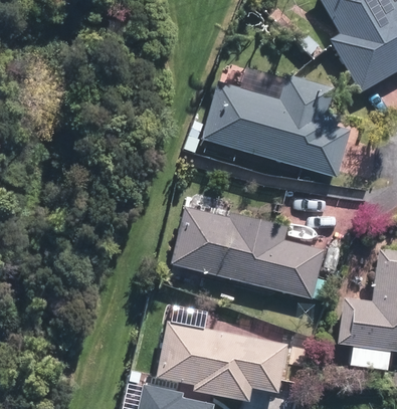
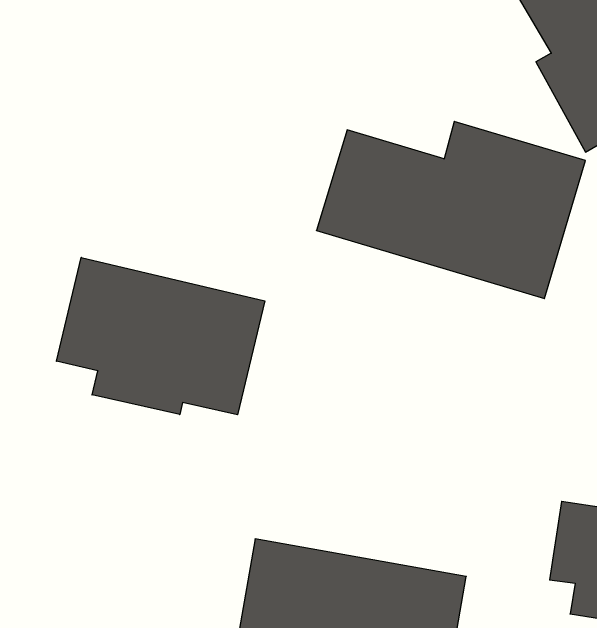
building: none -> [56,257,265,415]
building: [169,203,334,305] -> none

